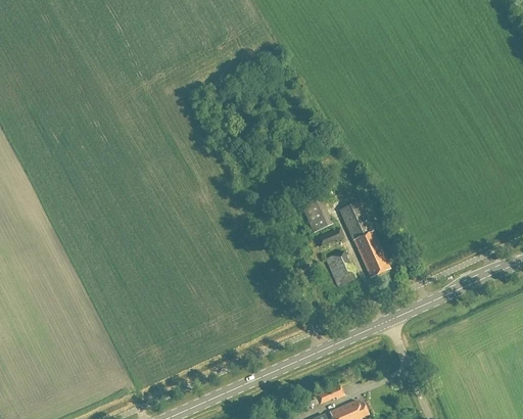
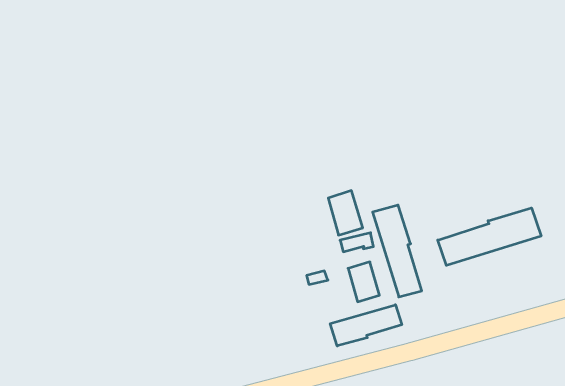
building: none -> [438,208,541,265]
building: none -> [330,305,402,346]

